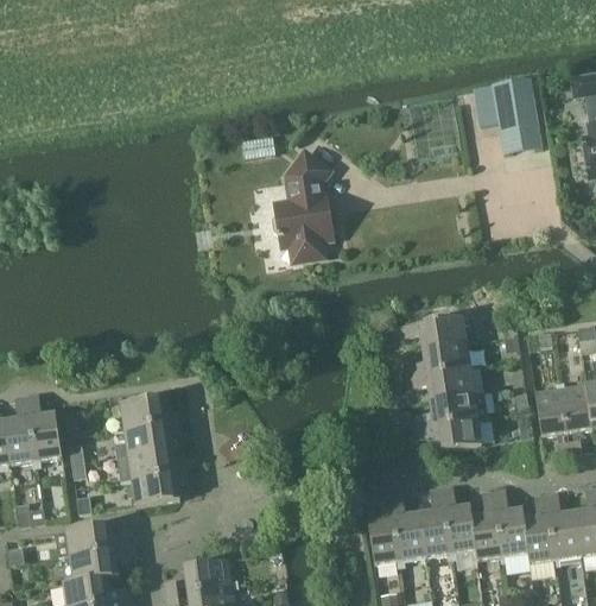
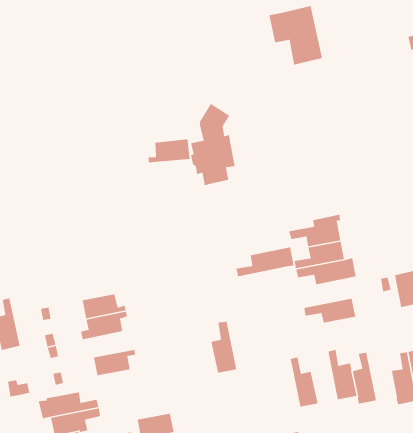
building: [474,76,543,154] -> [268,5,323,66]
building: none -> [148,139,191,163]
building: [410,391,488,428] -> [235,246,295,277]
building: [25,392,61,459] -> none
building: [114,447,186,480] -> none
building: [418,487,450,556] -> none
building: [493,488,528,556] -> none
building: [367,494,400,563] -> [210,321,237,374]

